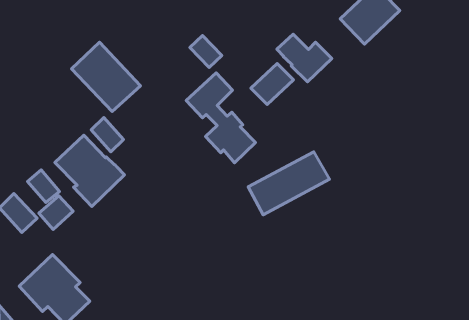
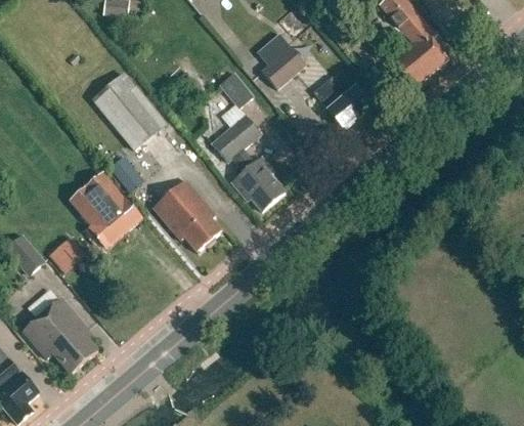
building: [251,64,293,104] -> [259,44,305,87]
building: none -> [152,180,221,252]
building: [248,152,330,215] -> none
building: [28,170,59,203] -> none

